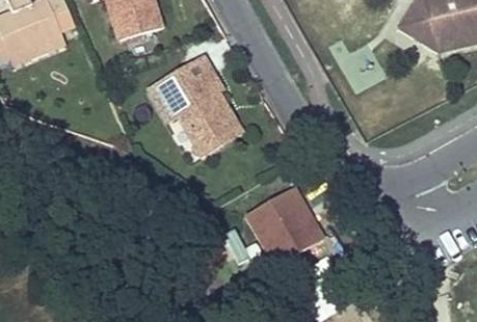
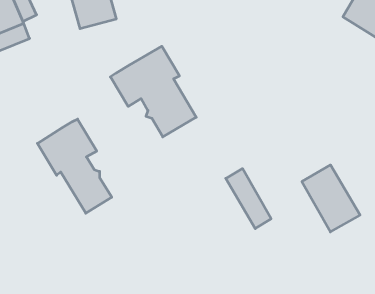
building: none -> [37,119,112,213]
building: [243,195,304,266] -> [302,165,360,232]

